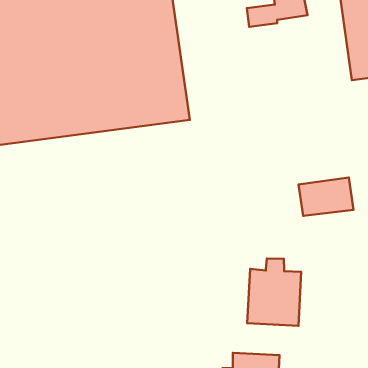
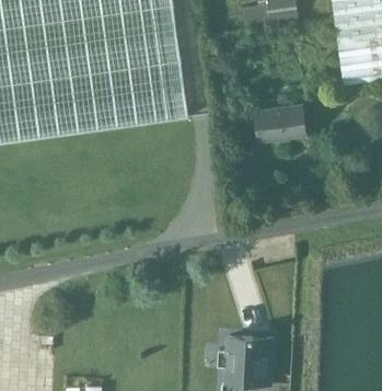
building: [299,177,353,216] -> [255,104,306,140]
building: [247,259,301,326] -> none

